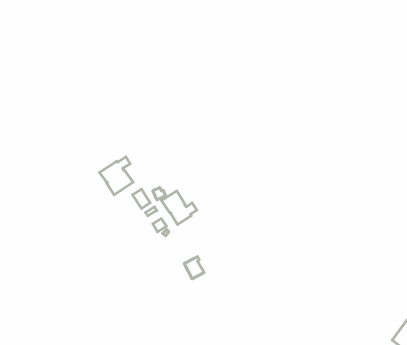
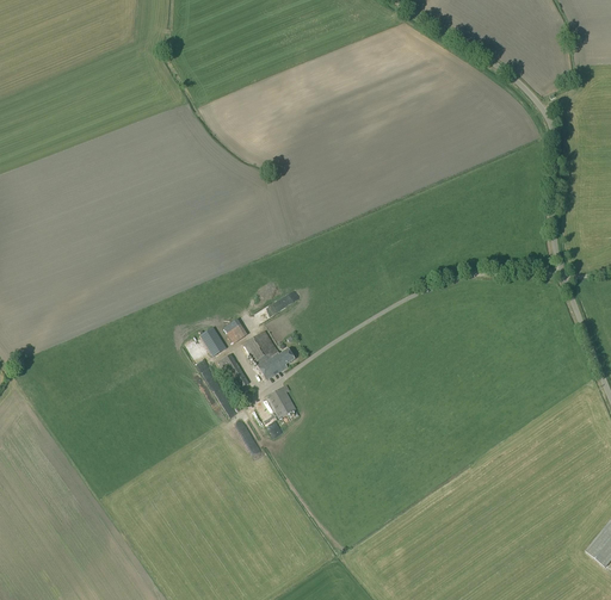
building: [100,157,133,195] -> none
building: [184,256,204,279] -> [266,384,296,417]

